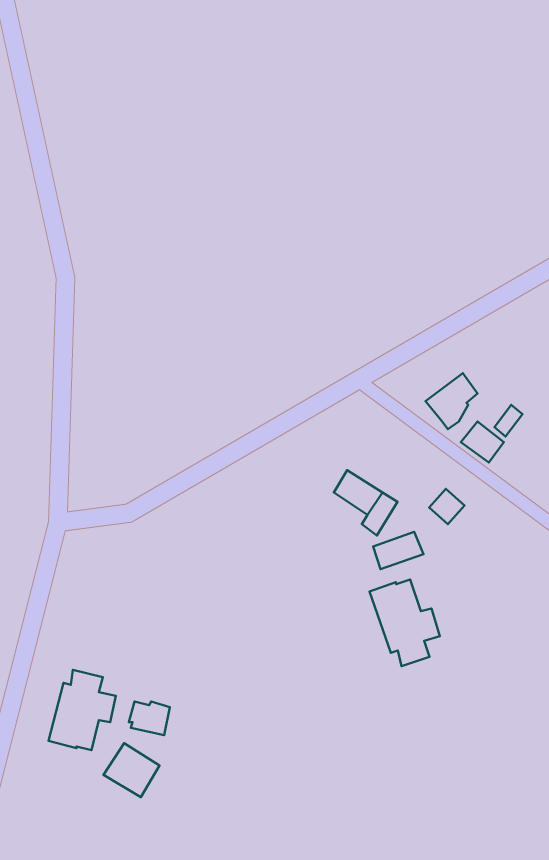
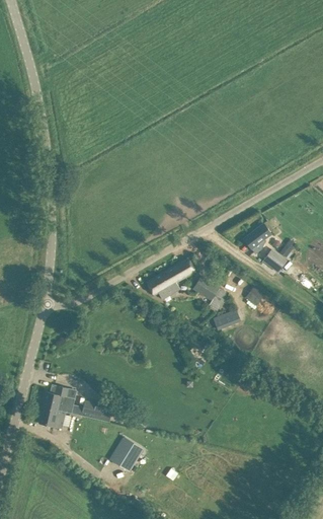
building: none -> [146,257,195,295]
building: [370,579,440,666] -> none
building: [104,743,159,797] -> [109,442,140,471]

